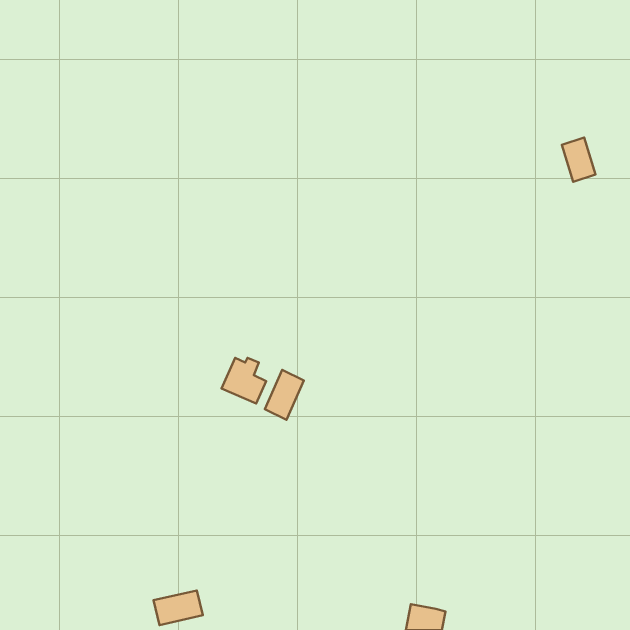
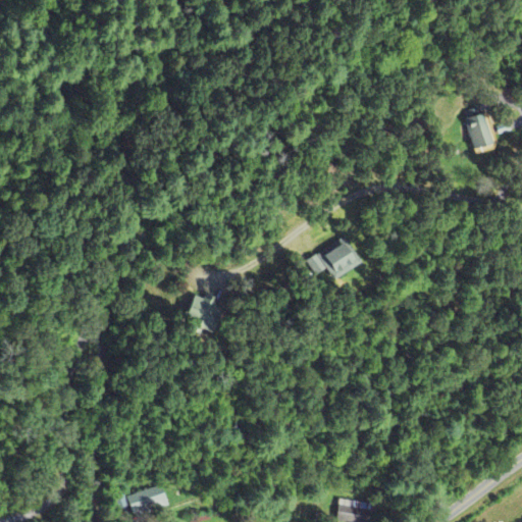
building: none -> [307,237,361,281]
building: [265,370,304,420] -> none

